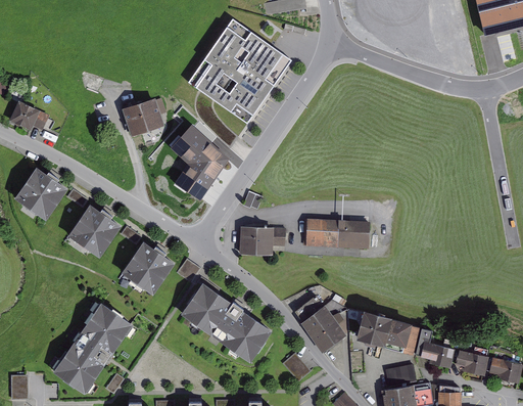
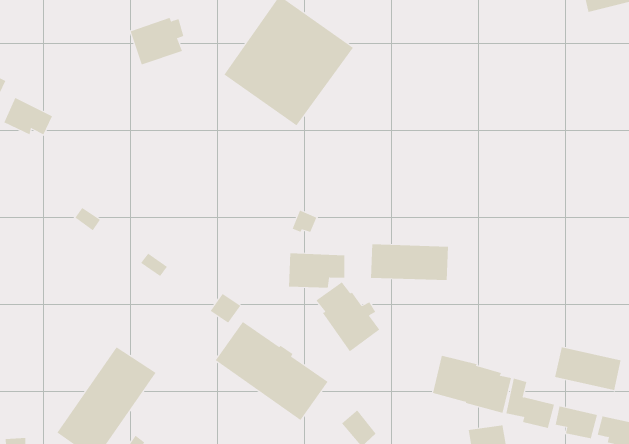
building: [122,97,165,136] -> [130,17,184,65]
building: [170,127,229,201] -> none
building: [13,166,67,220] -> none
building: [67,204,121,257] -> none
building: [121,240,175,295] -> none
building: [294,297,346,354] -> [316,281,380,352]
building: none -> [555,346,621,391]

